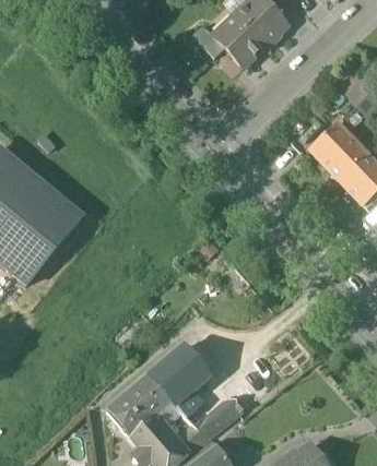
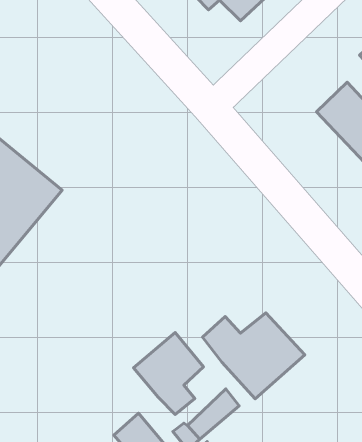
building: none -> [203,313,305,399]
building: [107,374,169,434] -> none

